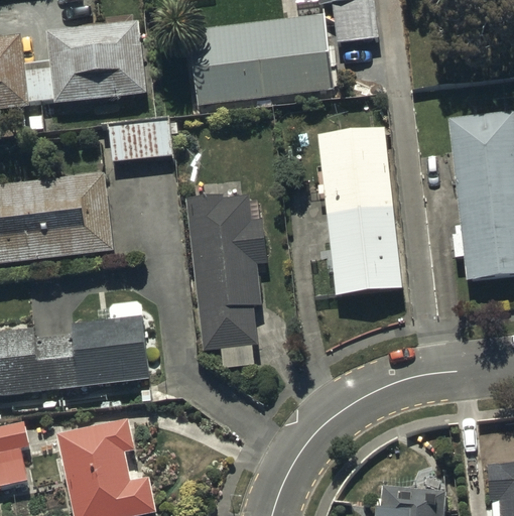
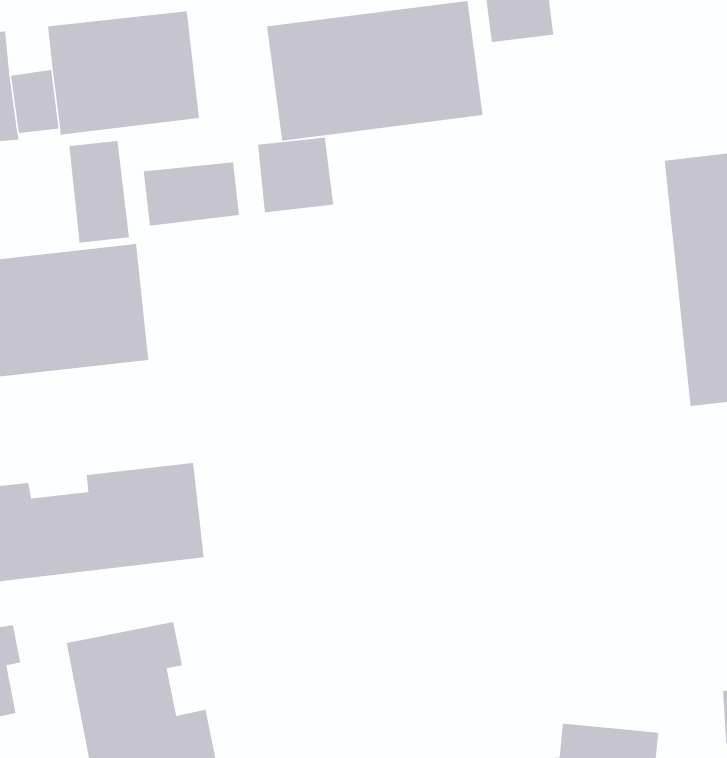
building: none -> [257,137,334,213]
building: none -> [69,140,130,243]
building: [318,128,402,296] -> none
building: [187,195,266,369] -> none

